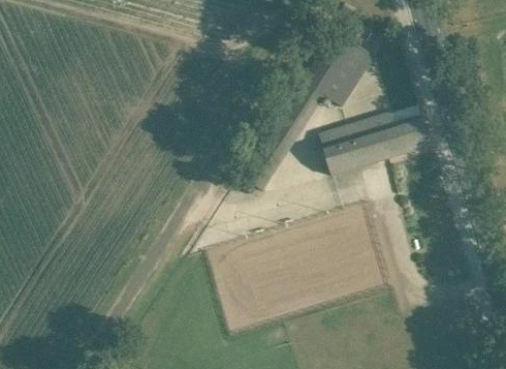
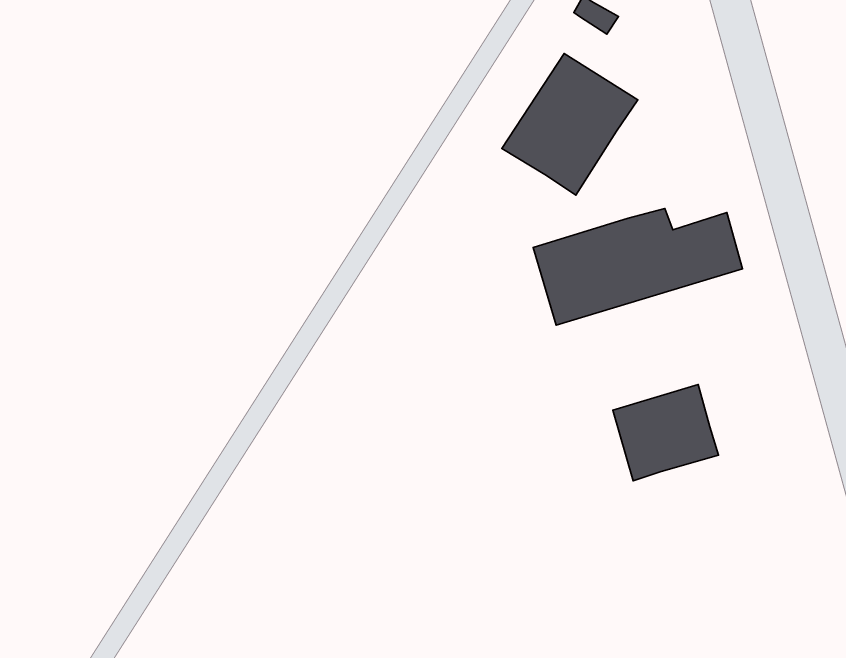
building: none -> [613,384,719,481]

